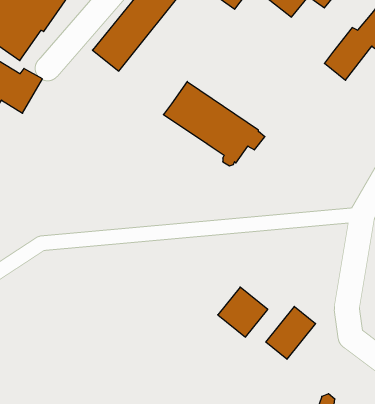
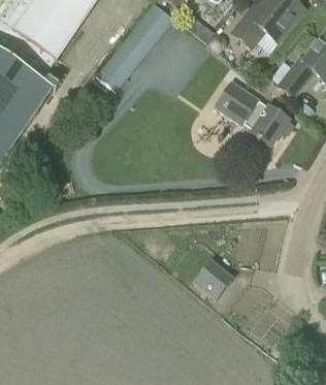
building: [163,81,265,166] -> [213,82,292,148]
building: [266,306,316,359] -> none

